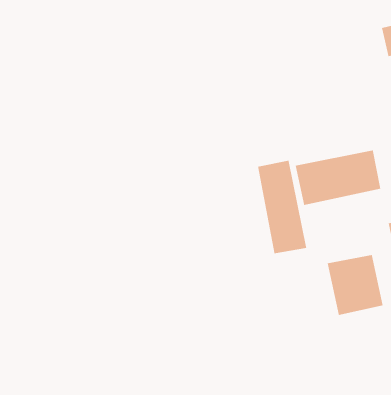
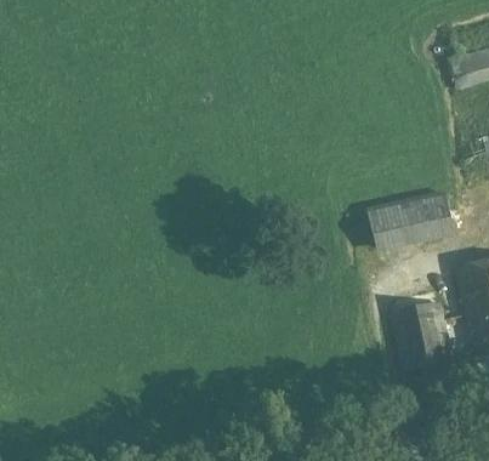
building: [257,160,307,254] -> none

